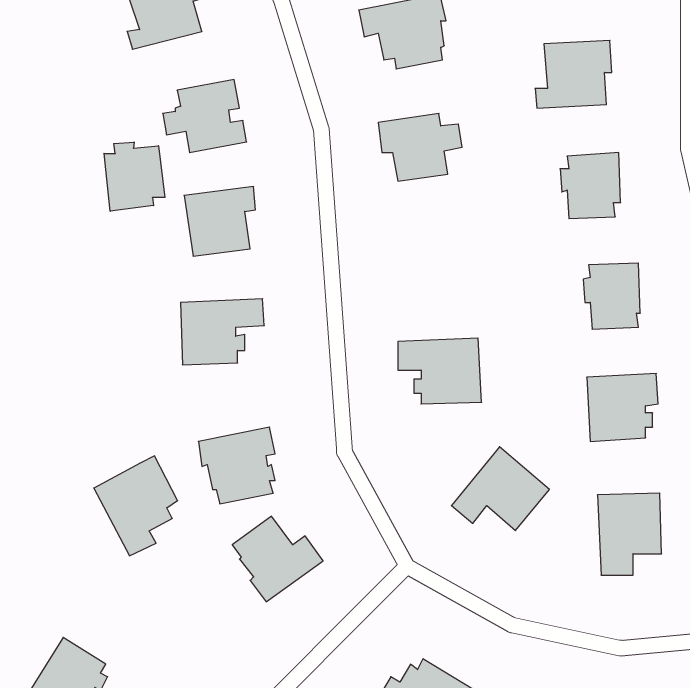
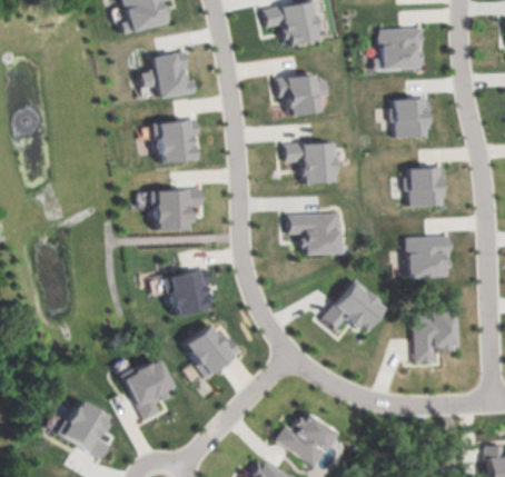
building: [104,142,165,211] -> none
building: none -> [285,143,338,182]
building: [94,456,178,556] -> [121,358,174,420]

